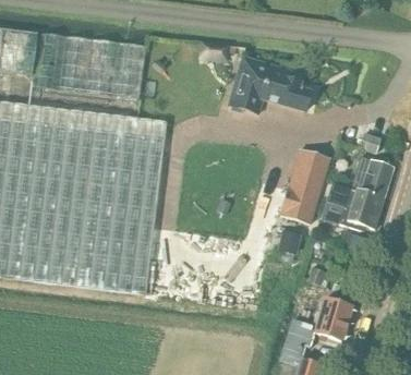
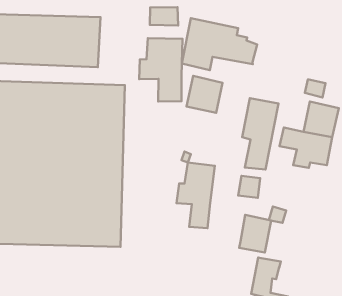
building: none -> [139,38,182,101]
building: none -> [186,76,222,113]
building: none -> [177,163,215,228]
building: [313,298,350,340] -> [239,215,271,253]

